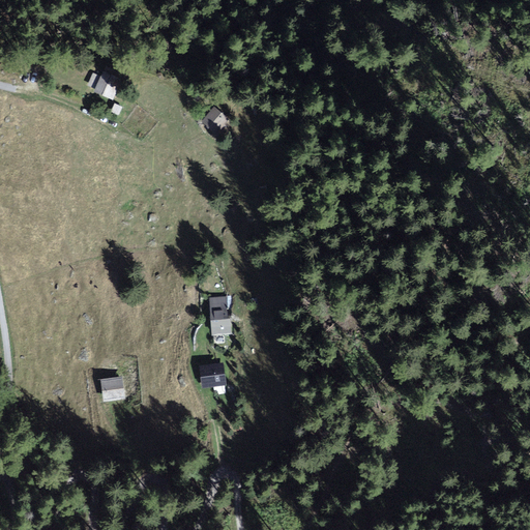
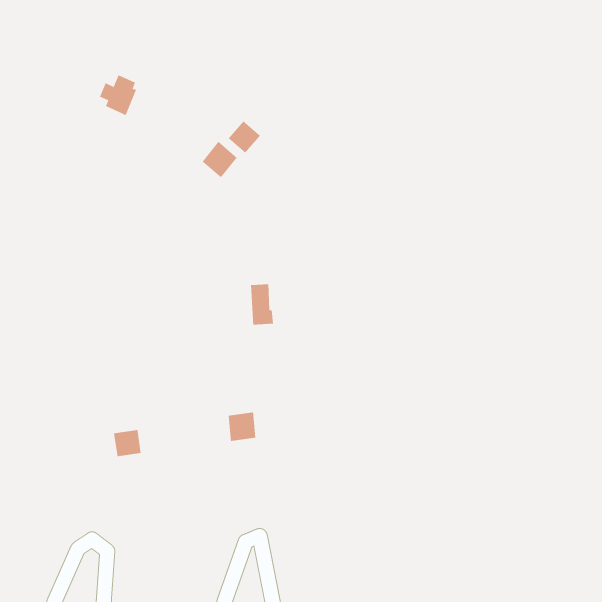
building: none -> [202,141,237,178]
building: [209,296,230,332] -> [250,284,274,325]

